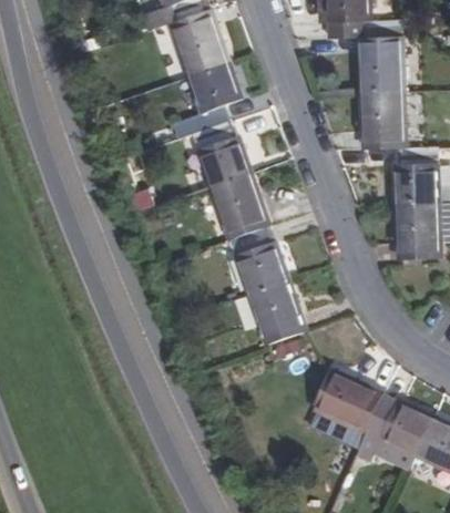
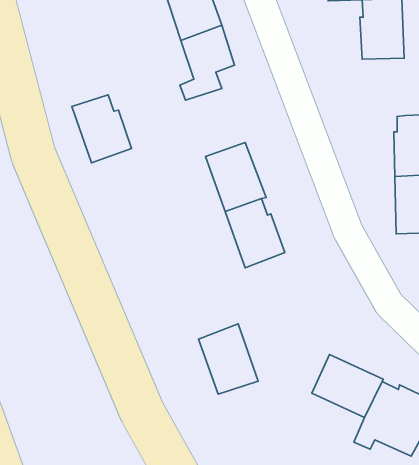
building: [360,93,401,150] -> none
building: [193,122,249,186] -> [72,95,131,163]
building: [249,277,306,343] -> [198,324,258,394]

